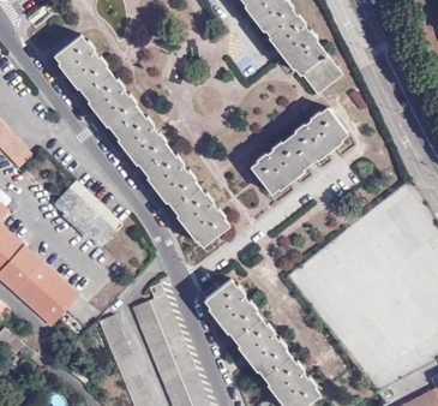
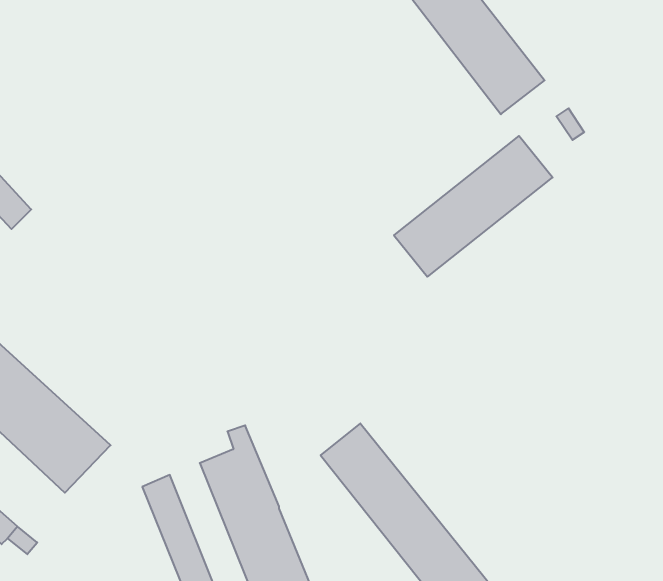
building: [54,35,228,245] -> none
building: [54,181,121,247] -> none

